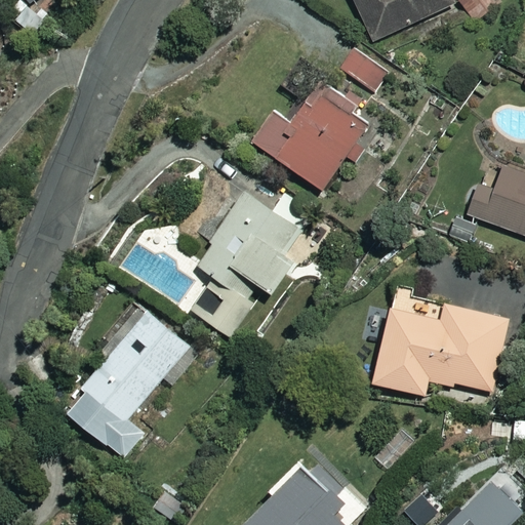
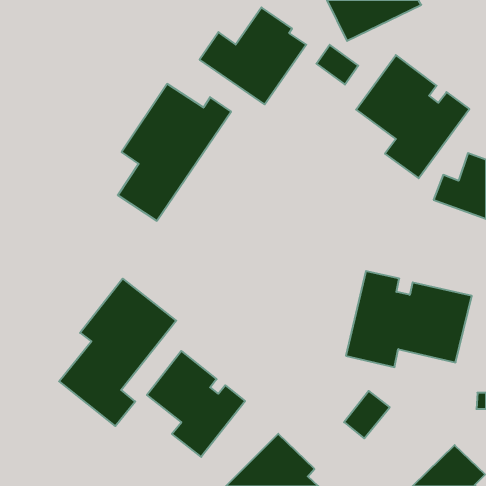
building: none -> [356,55,469,178]
building: [252,86,367,191] -> [200,7,306,104]
building: [191,192,313,339] -> [118,84,231,221]
building: none -> [147,351,245,457]

